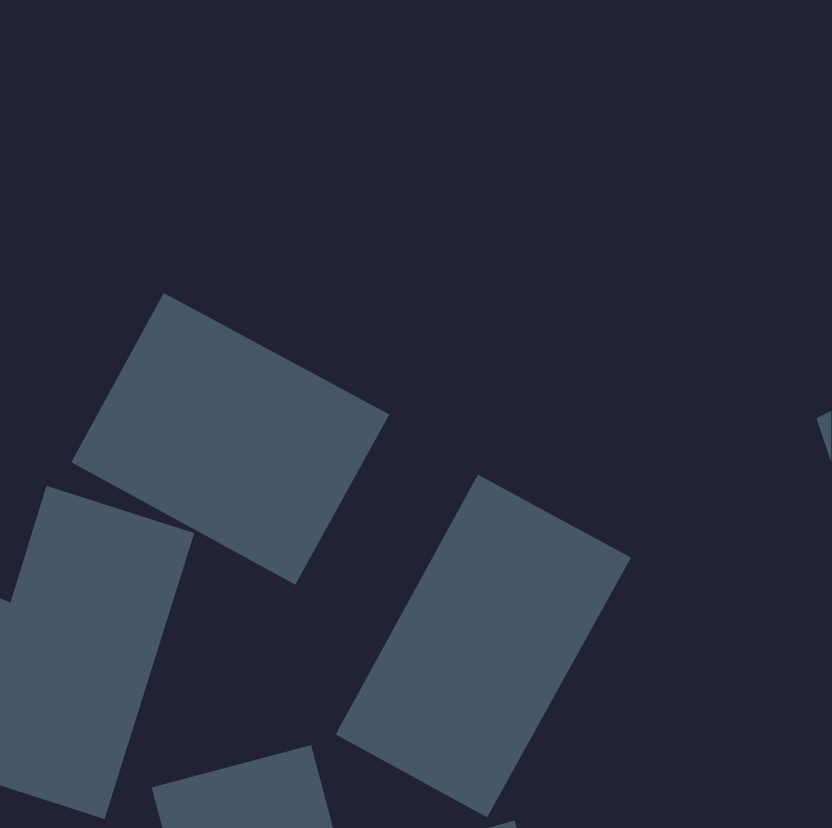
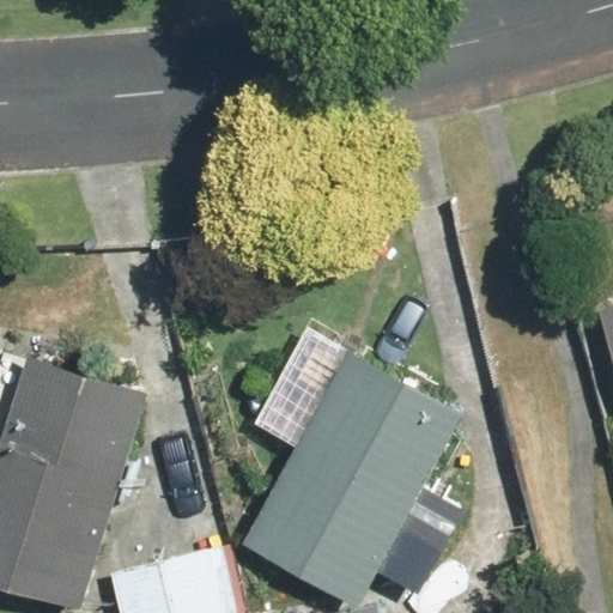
building: [70,292,390,586] -> none

